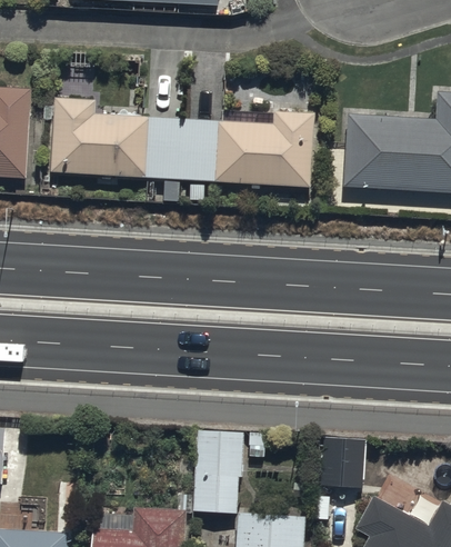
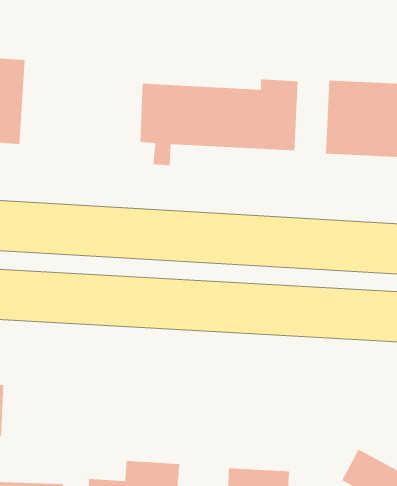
building: [50,97,149,177] -> none
building: [194,431,240,513] -> none
building: [320,439,365,487] -> none

